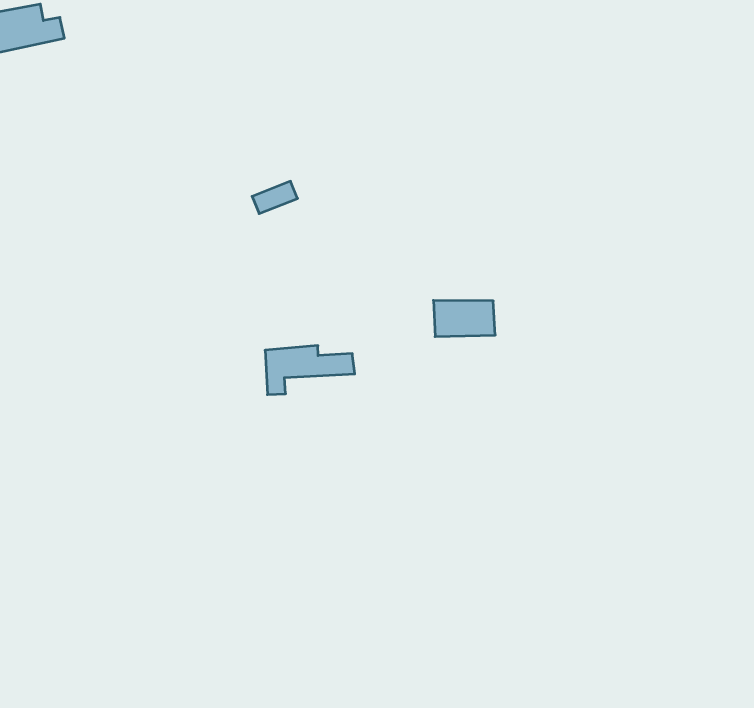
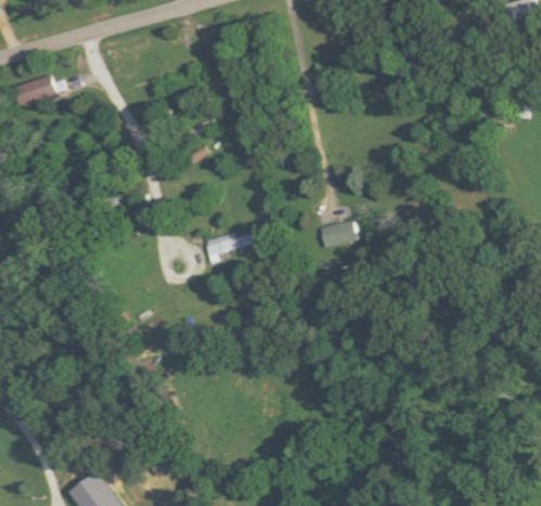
building: [433,300,495,337] -> [321,221,358,246]

